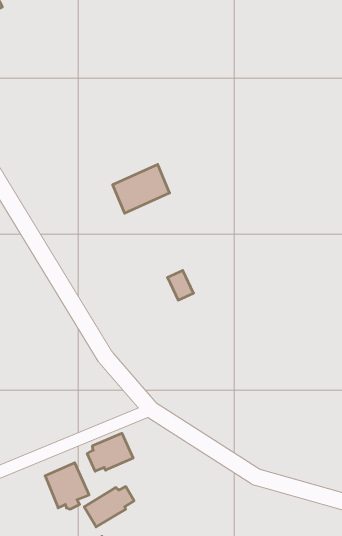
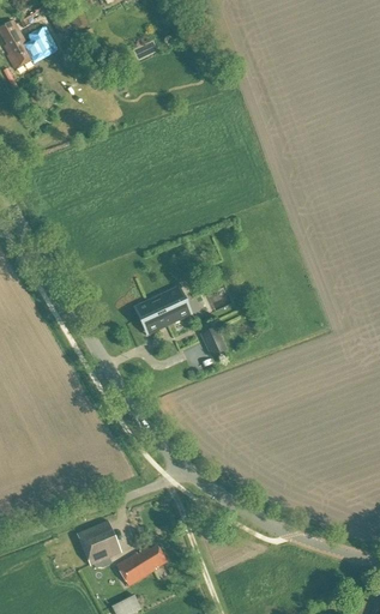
building: [113,164,170,213] -> [138,285,195,335]
building: [87,433,133,471] -> none

